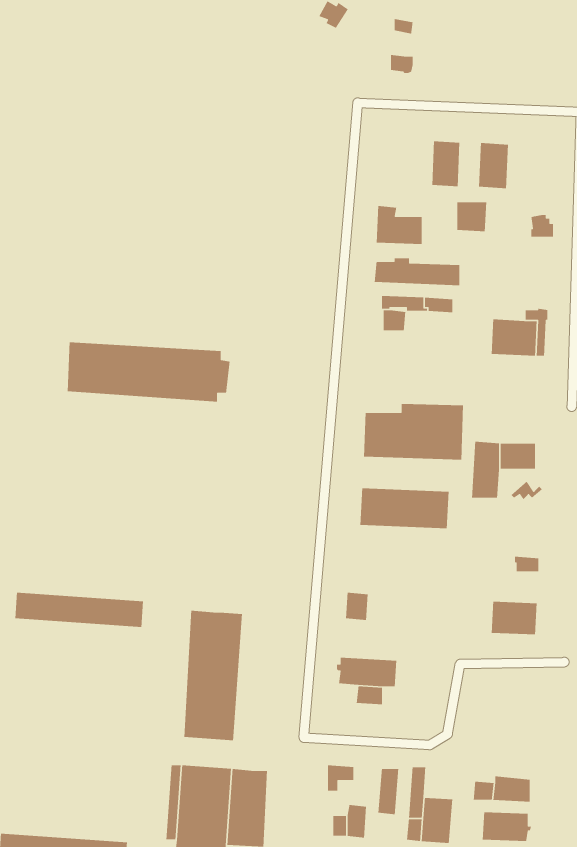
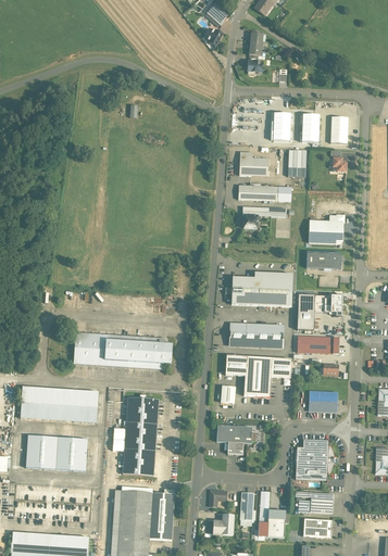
building: none -> [330,116,348,143]
building: [67,341,230,403] -> [74,332,173,369]
building: none -> [306,251,343,268]
building: none -> [297,336,339,353]
building: none -> [225,355,291,396]
building: none -> [20,402,98,422]
building: none -> [25,434,87,470]
building: none -> [296,439,337,480]

